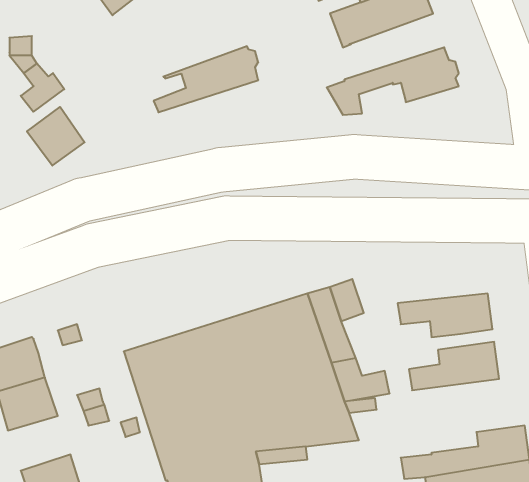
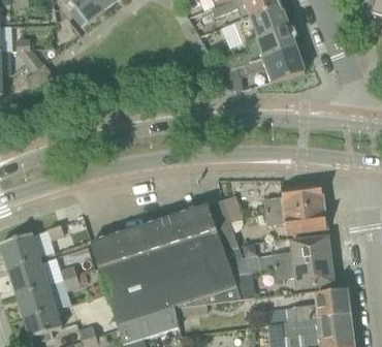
building: [154,46,258,112] -> [228,25,295,67]
building: [27,107,85,166] -> none
building: none -> [264,181,323,211]
building: none -> [275,259,333,287]
building: none -> [15,283,56,318]

